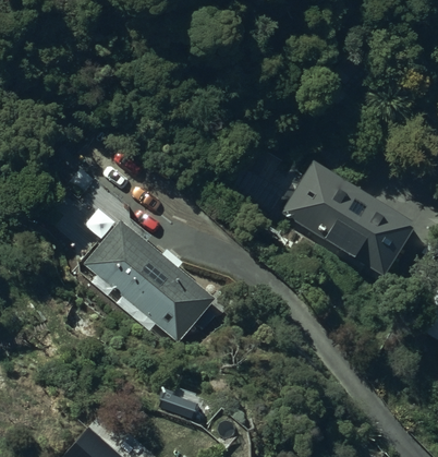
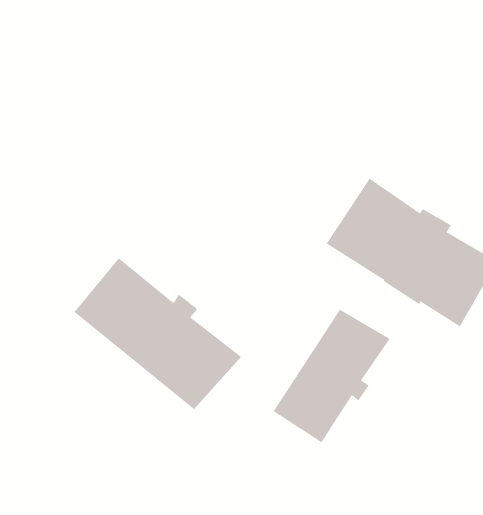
building: none -> [273,309,391,443]

